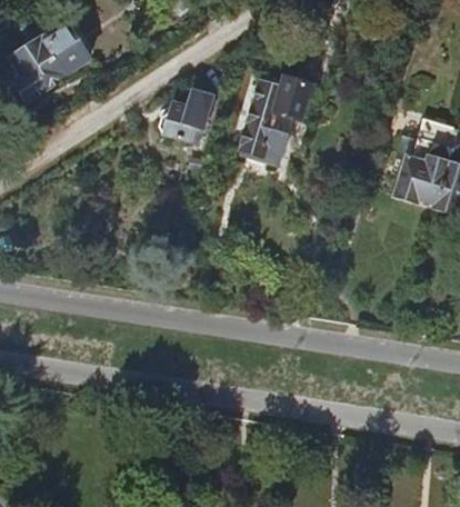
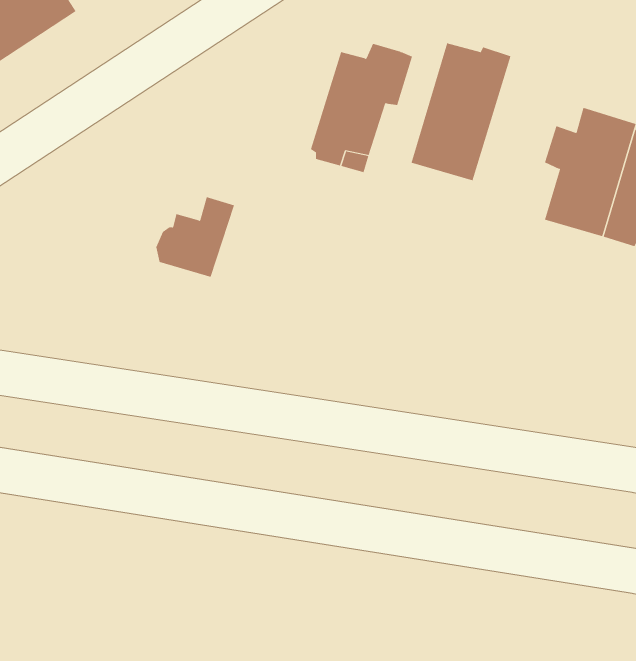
building: none -> [411,43,511,181]
building: [161,88,213,141] -> [156,197,235,277]

